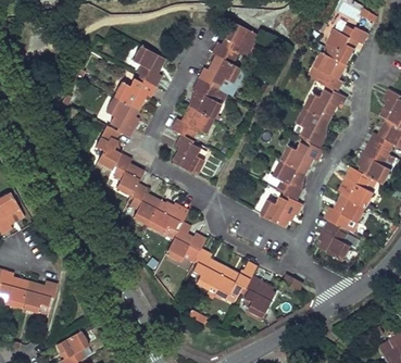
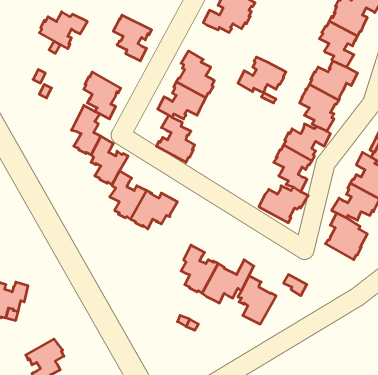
building: [198,54,240,86] -> [238,57,286,93]
building: [113,77,155,110] -> [39,12,87,49]
building: [165,221,205,262] -> none

